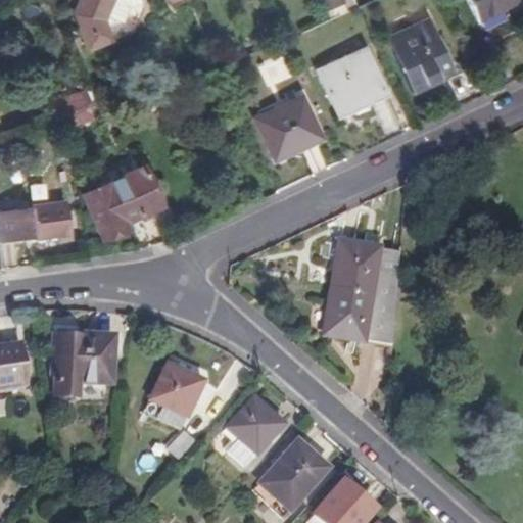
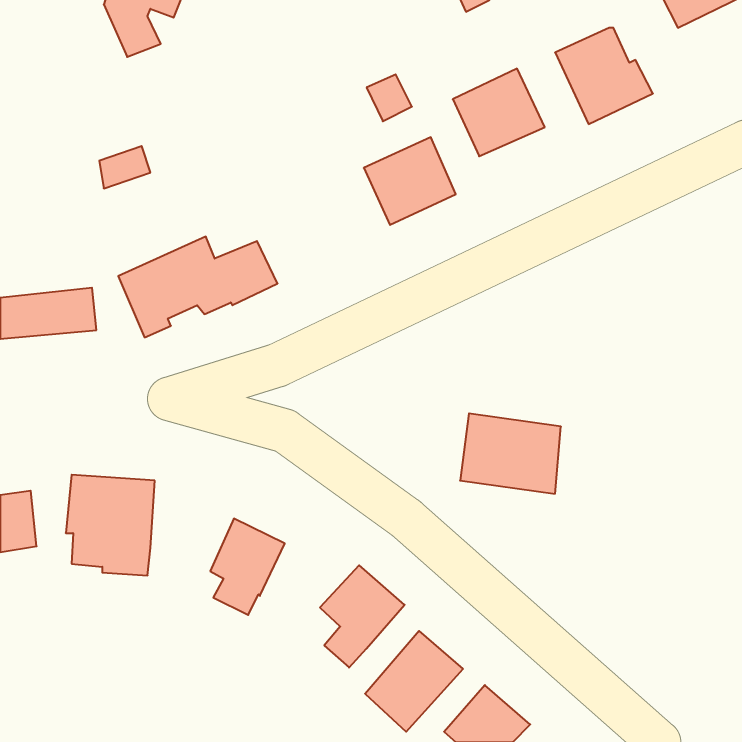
building: [331,239,398,298] -> none

